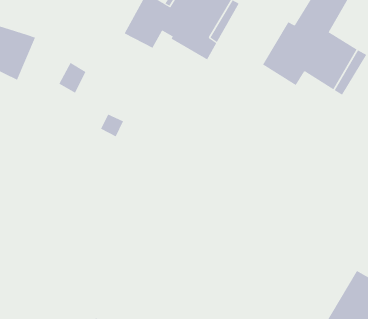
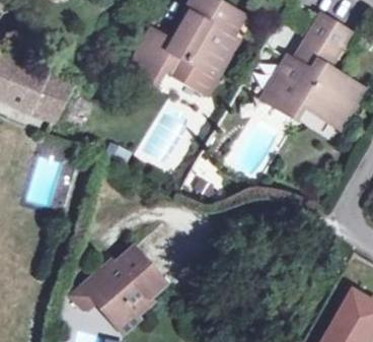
building: none -> [30,72,75,120]
building: none -> [68,249,165,332]

